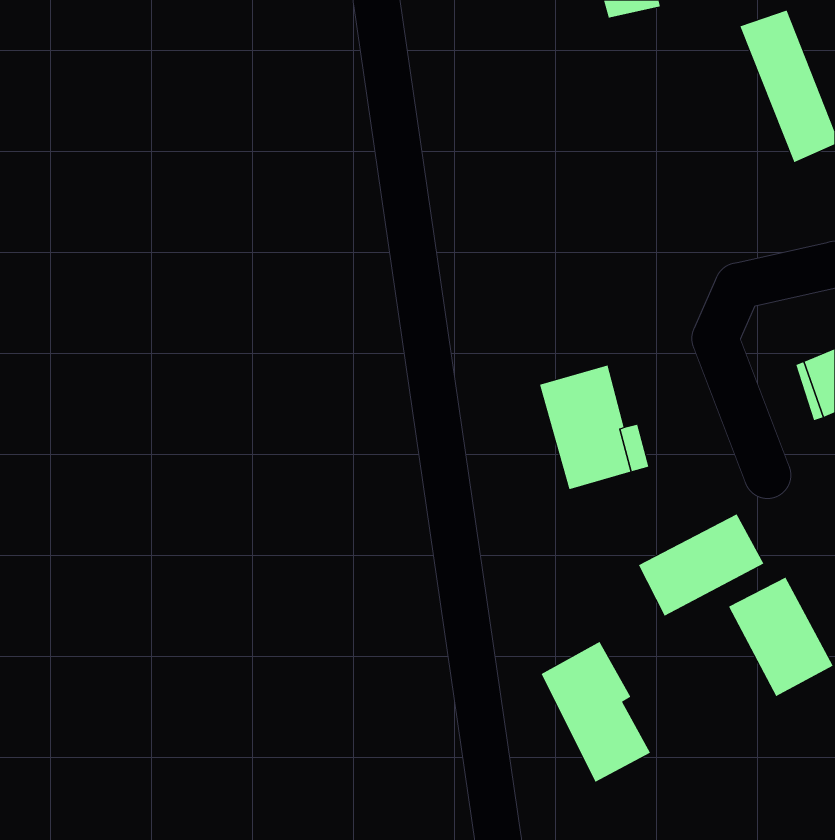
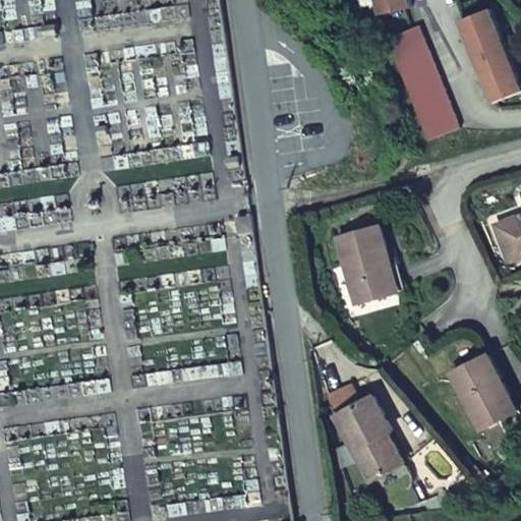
building: none -> [383,23,456,137]
building: [638,514,764,616] -> none

